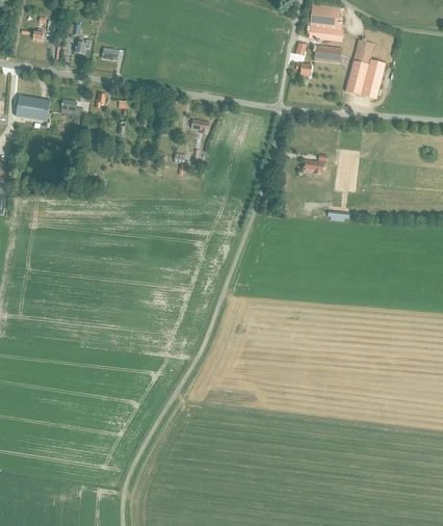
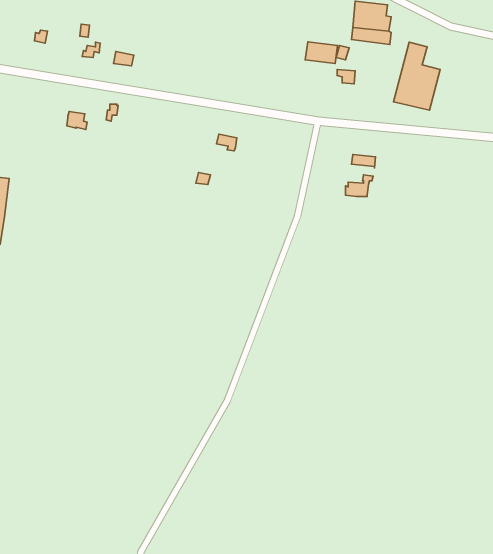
building: [313,44,341,62] -> [305,42,338,64]
building: [15,95,50,121] -> none

